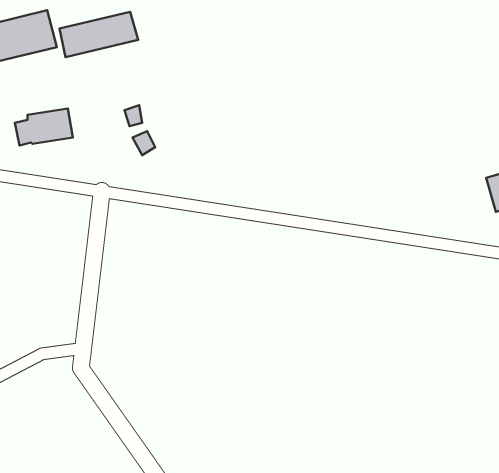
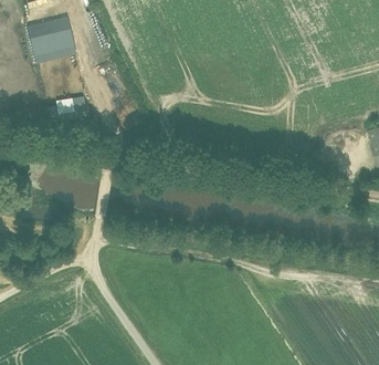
building: [59,12,138,57] -> none

